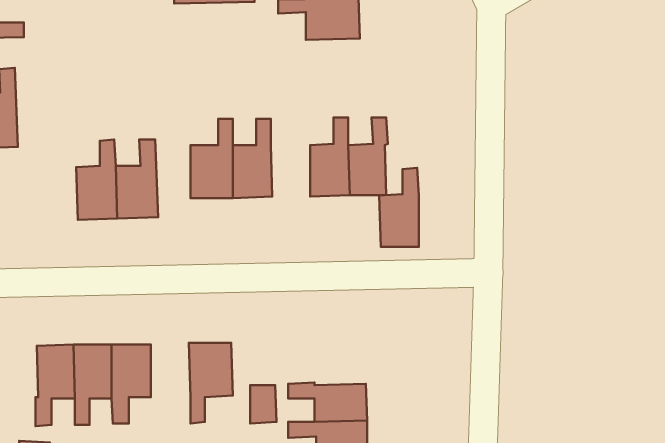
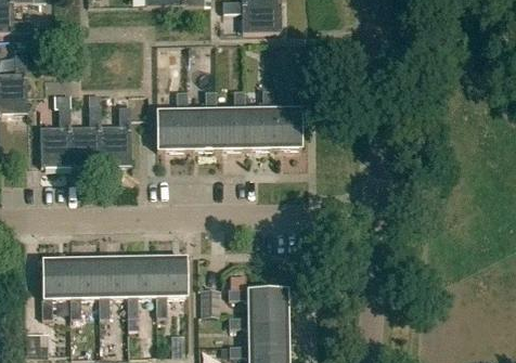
building: none -> [40,107,73,167]
building: [379,168,419,247] -> [216,90,245,148]
building: none -> [127,257,156,316]

